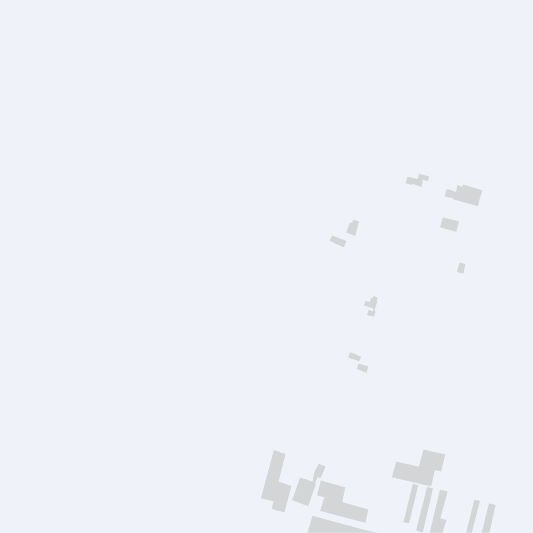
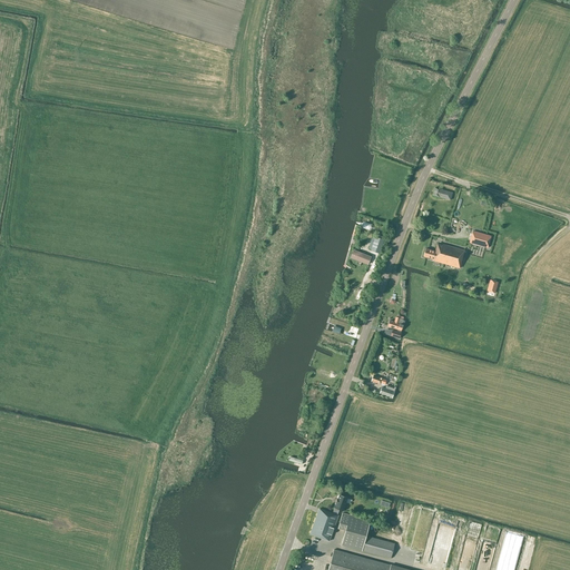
building: [444,184,484,207] -> [423,244,465,268]
building: [391,449,446,487] -> none
building: [260,449,292,513] -> none

